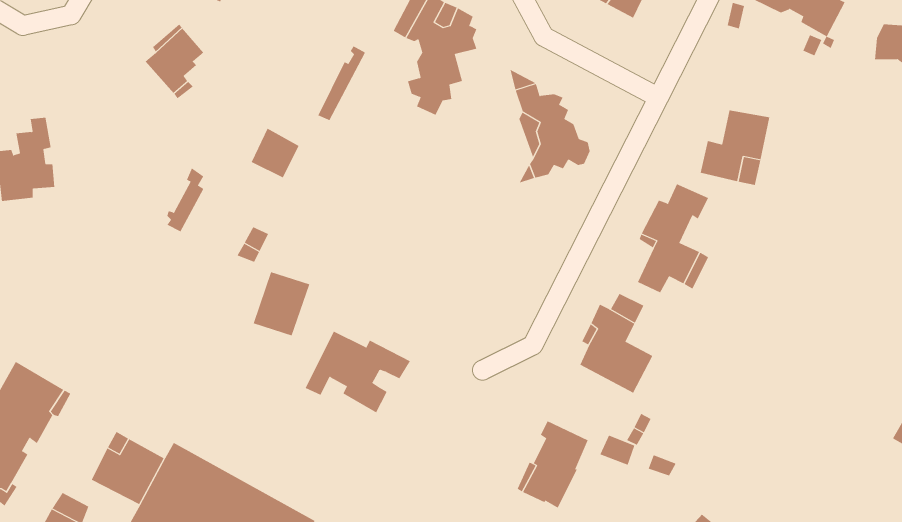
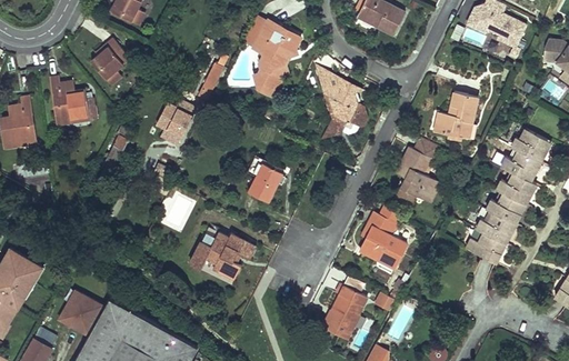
building: none -> [49,78,90,123]
building: none -> [465,128,551,262]
building: none -> [248,163,283,202]

